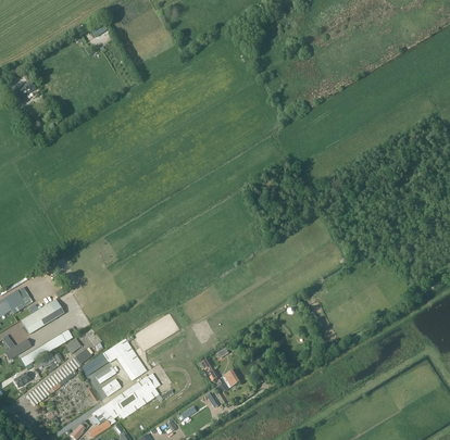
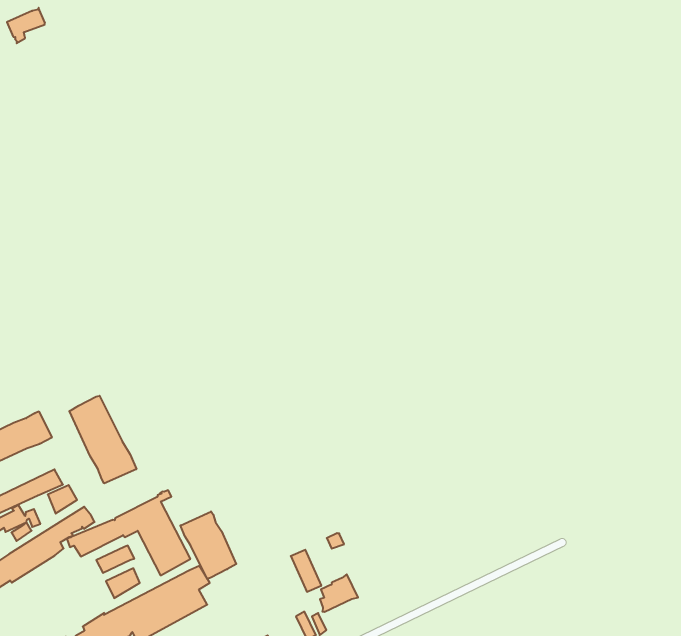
building: none -> [69,396,136,483]
building: none -> [180,511,236,579]

